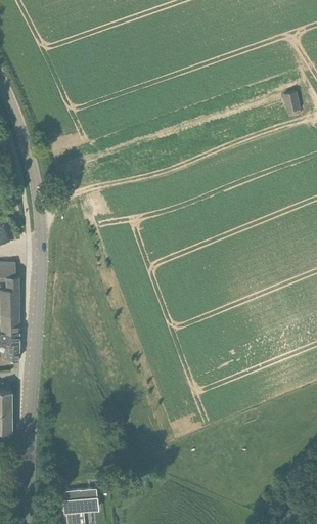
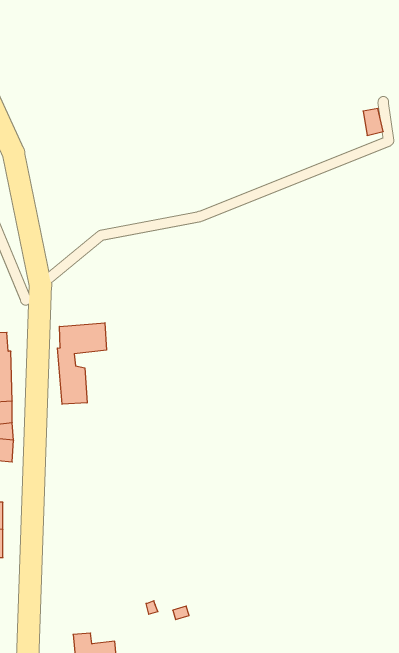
building: none -> [57,323,106,404]

